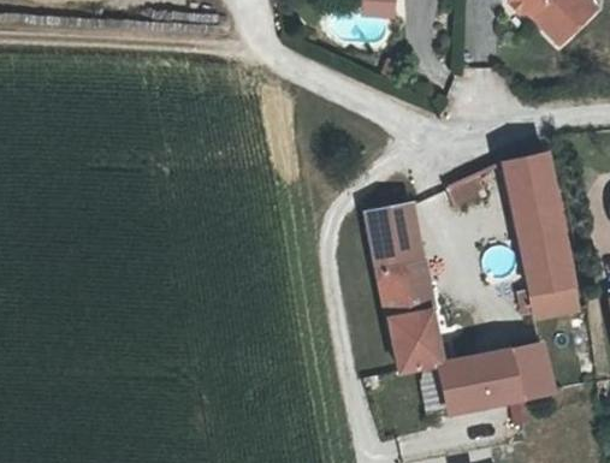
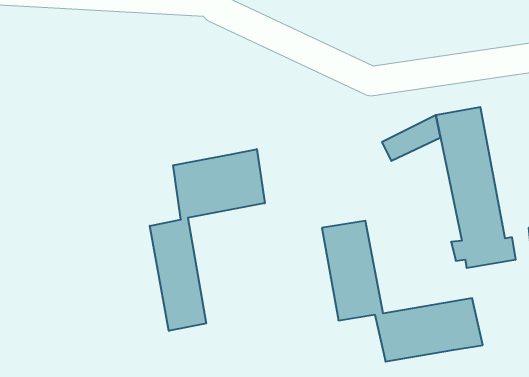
building: none -> [150,149,265,331]
building: [374,204,430,278] -> none

